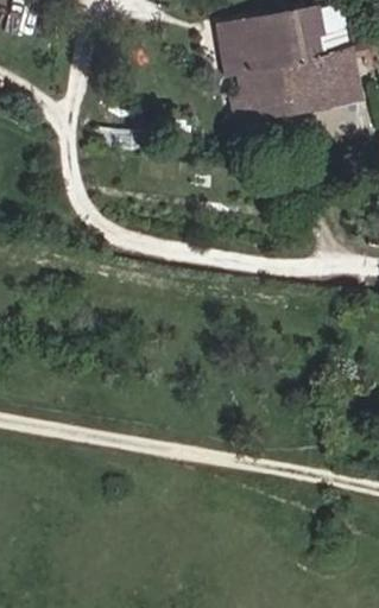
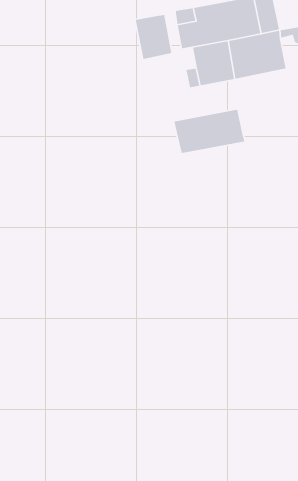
building: none -> [135,14,172,60]
building: none -> [174,109,246,154]

